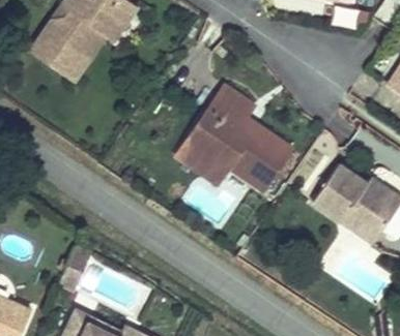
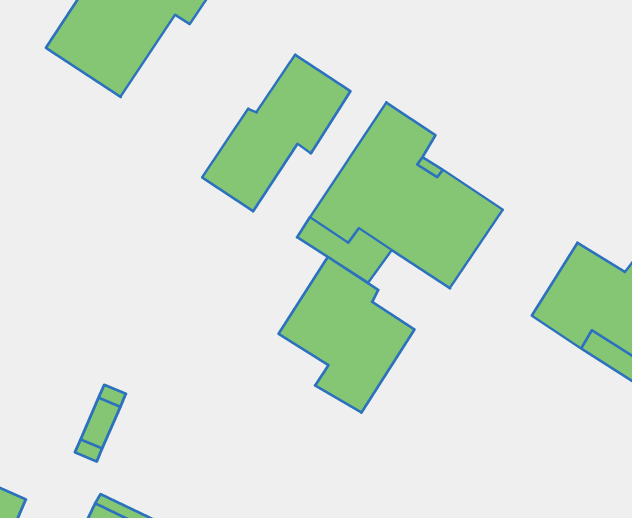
building: none -> [202,55,350,211]
building: none -> [279,257,414,413]

